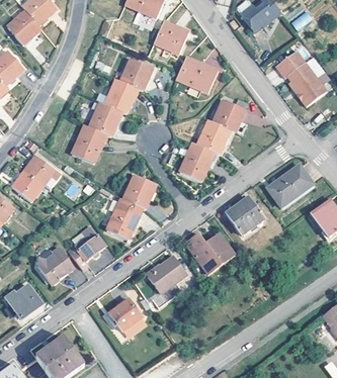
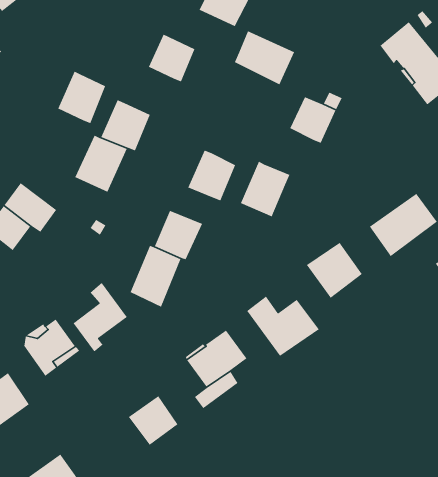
building: [105,79,138,114] -> [57,70,106,124]
building: [197,119,230,154] -> [187,149,236,202]

